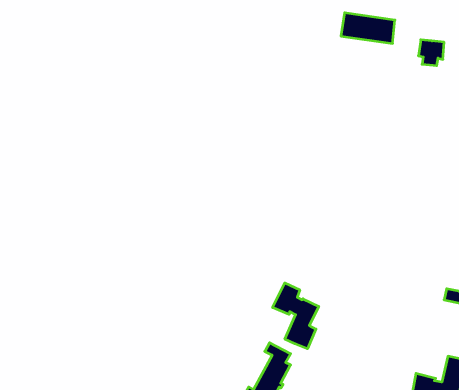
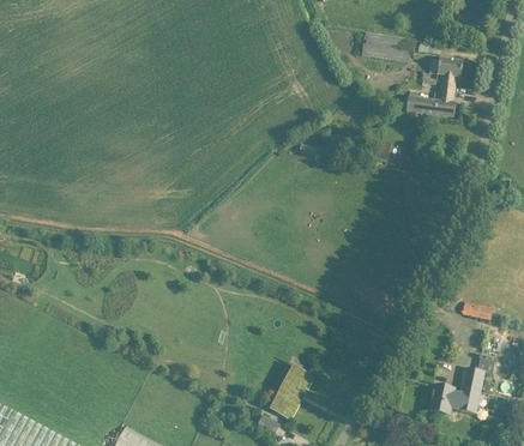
building: none -> [405,82,453,116]
building: [273,283,319,349] -> none

